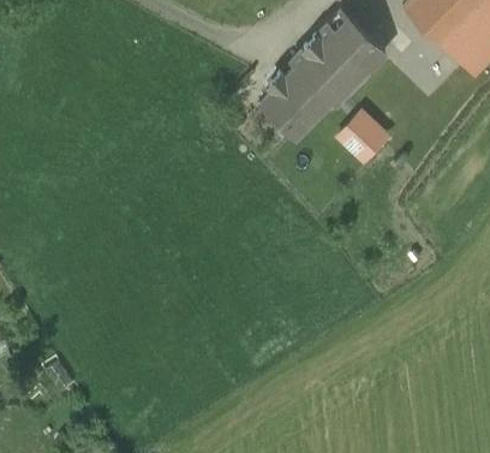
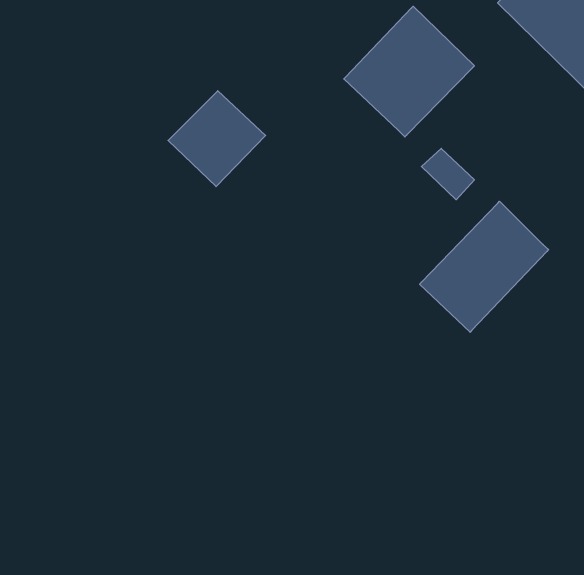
building: [258,68,329,138] -> [168,91,266,187]
building: none -> [420,201,549,332]

